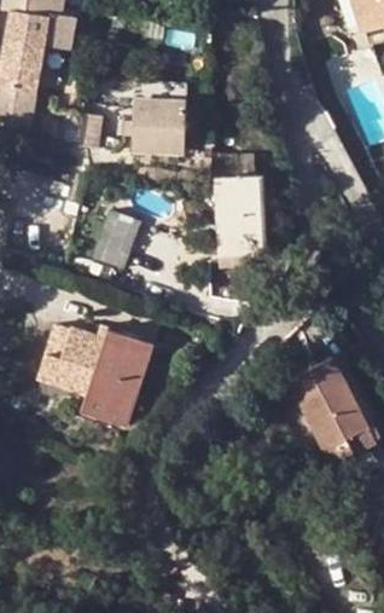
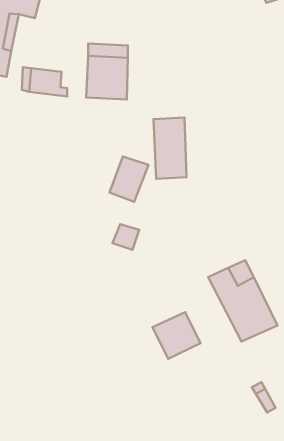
building: [92,209,141,267] -> [110,156,148,202]
building: [35,322,153,426] -> none
building: none -> [153,312,200,359]

